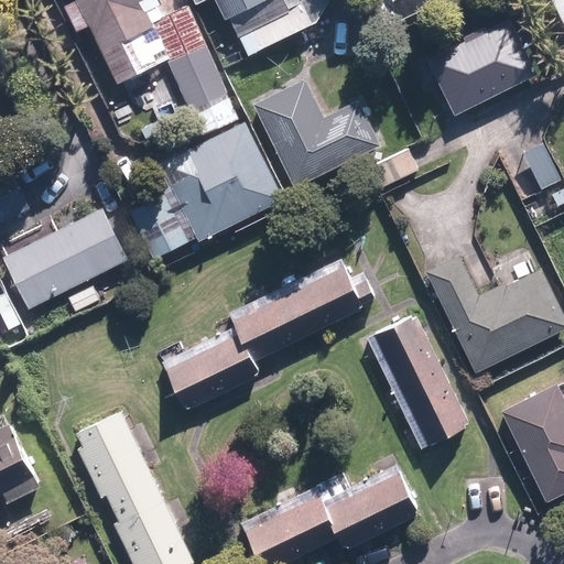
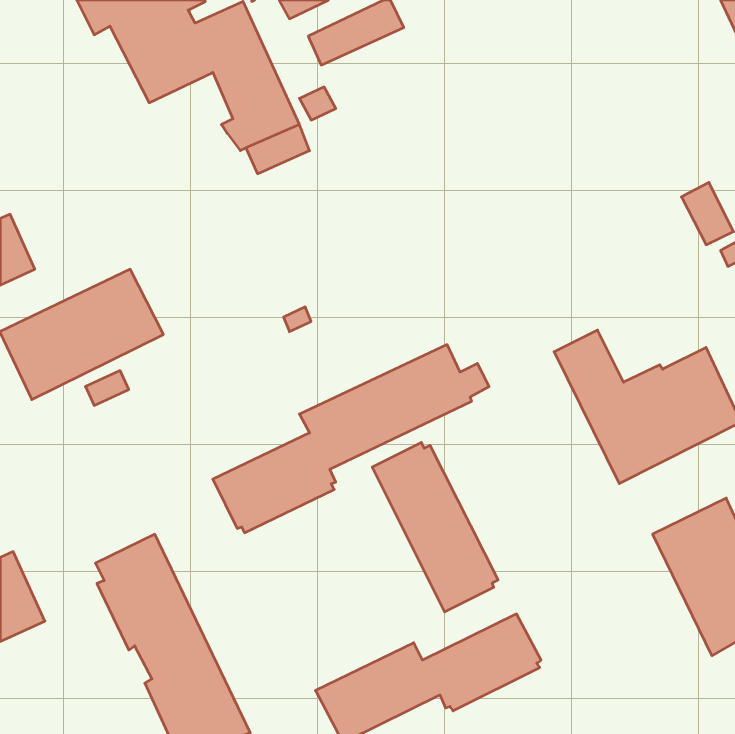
building: [426,18,538,115] -> none
building: [252,78,380,188] -> none
building: [129,122,282,260] -> none
building: [373,317,469,446] -> [372,442,498,612]

